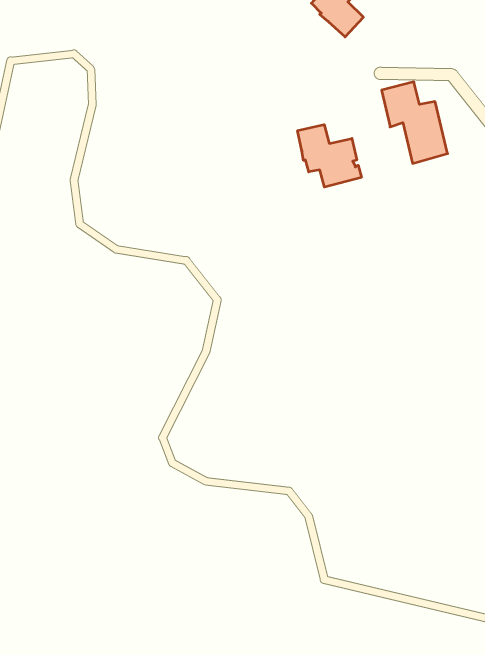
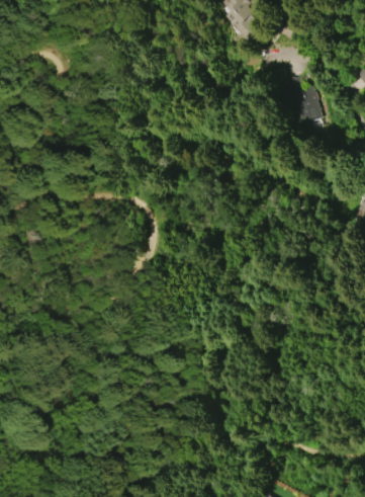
building: [298,125,361,187] -> none

